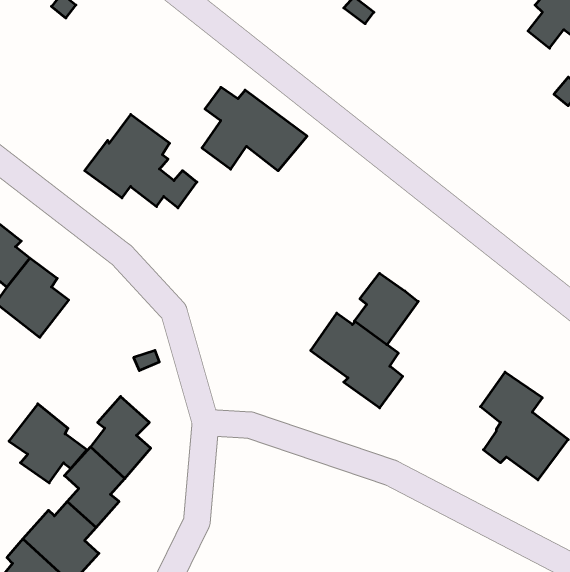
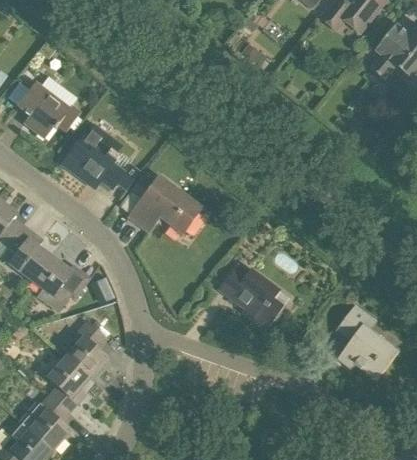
building: none -> [19,82,83,138]
building: [202,87,307,171] -> [130,175,203,233]
building: [354,273,418,345] -> none
building: [9,404,87,483] -> [31,254,85,309]

